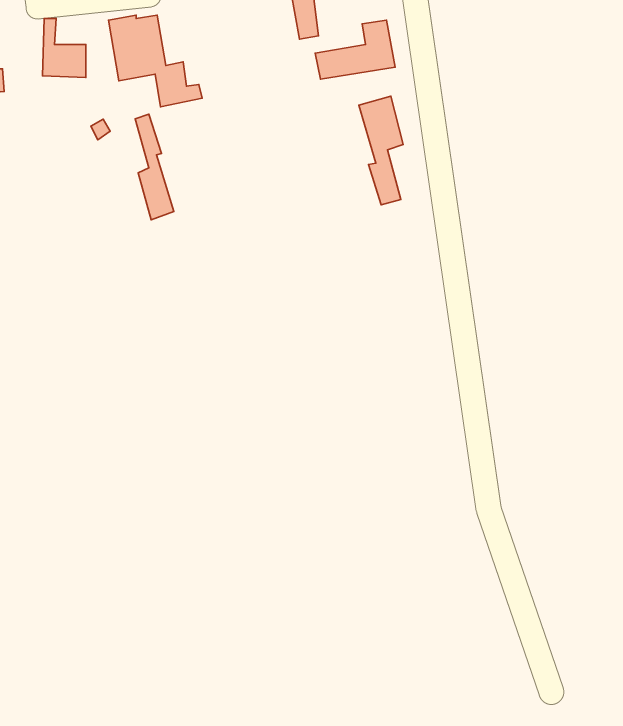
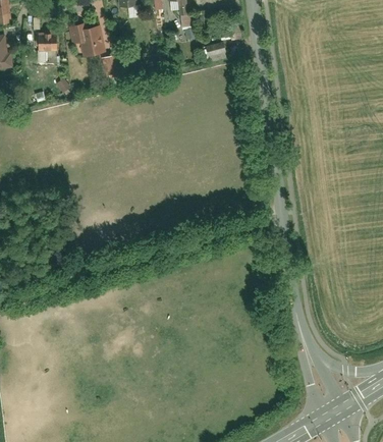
building: [359,96,403,205] -> none
building: [135,114,174,220] -> none

